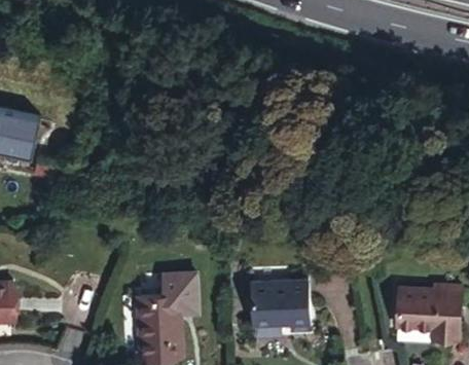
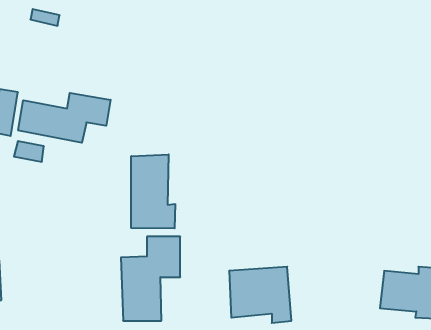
building: none -> [18,93,111,143]
building: none -> [131,154,175,228]

